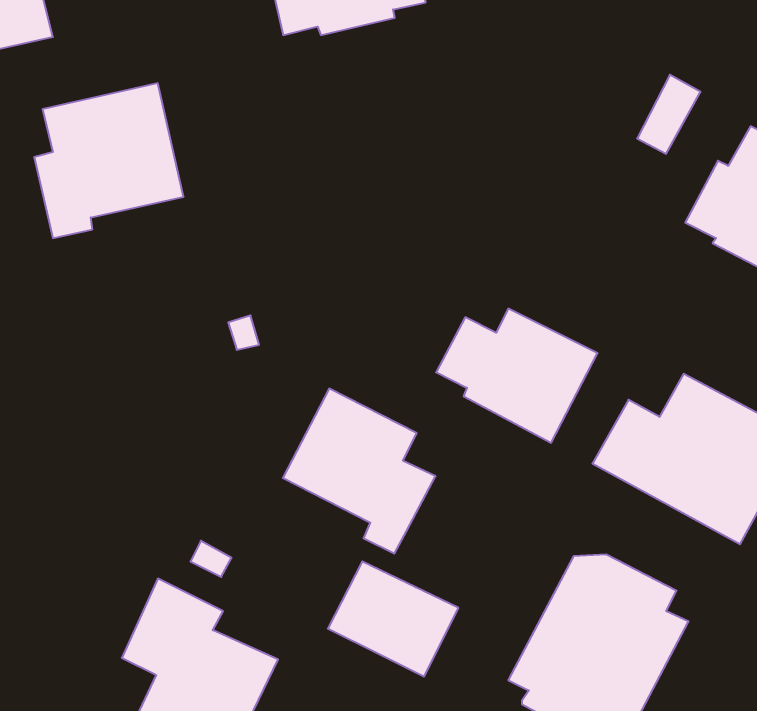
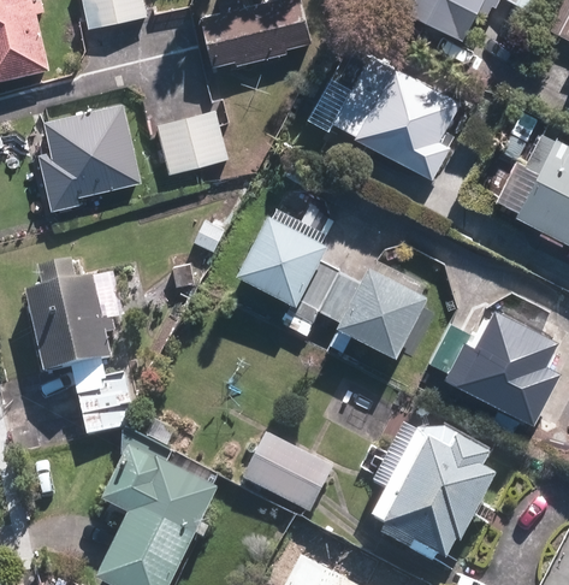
building: none -> [332,54,461,178]
building: none -> [159,111,231,176]
building: none -> [24,264,134,439]
building: [283,389,436,554] -> [232,205,339,320]

